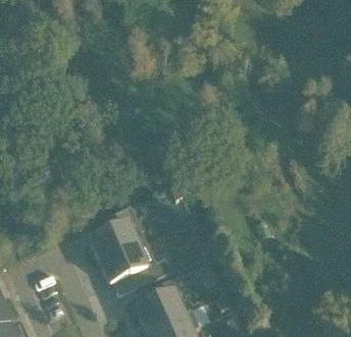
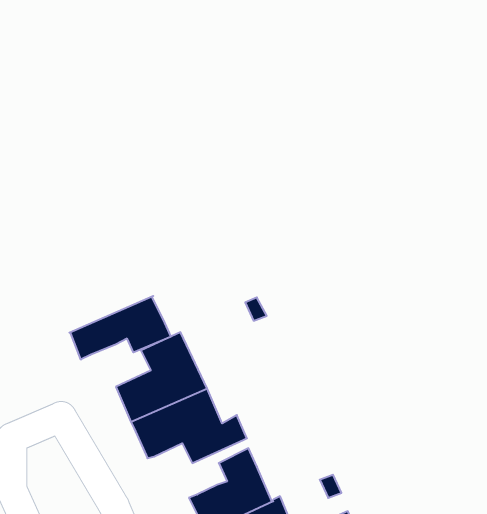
building: none -> [69,296,171,360]

